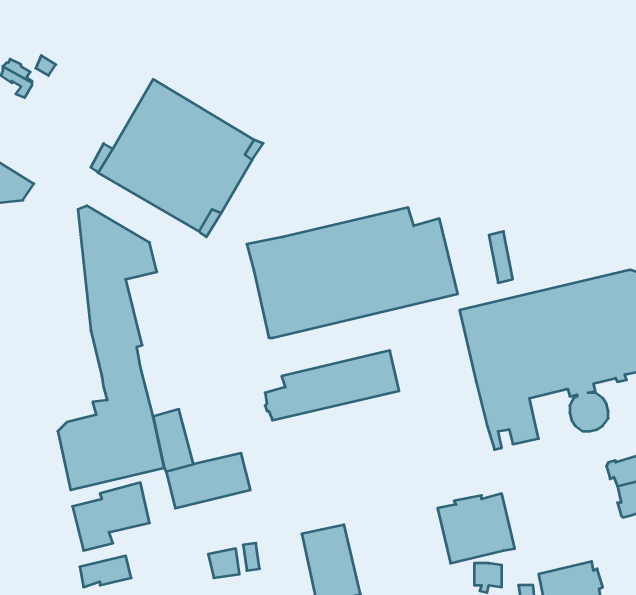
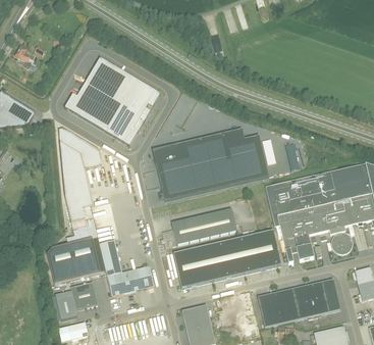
building: none -> [172,230,280,288]
building: none -> [292,279,339,318]

